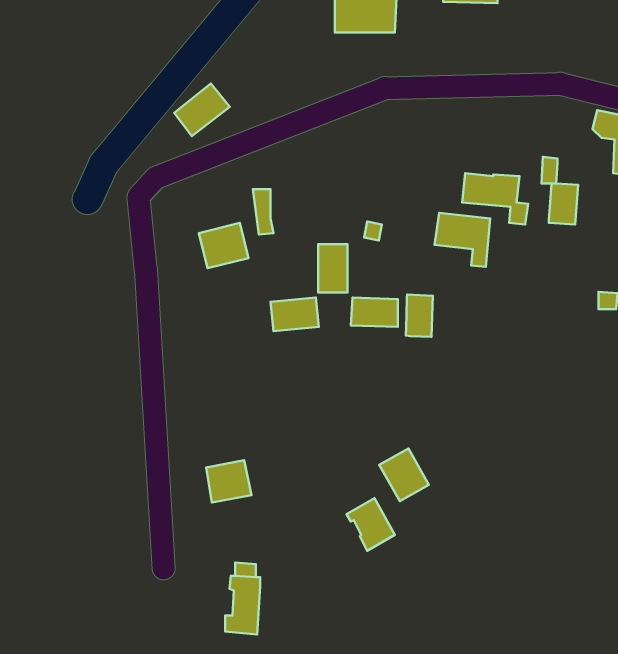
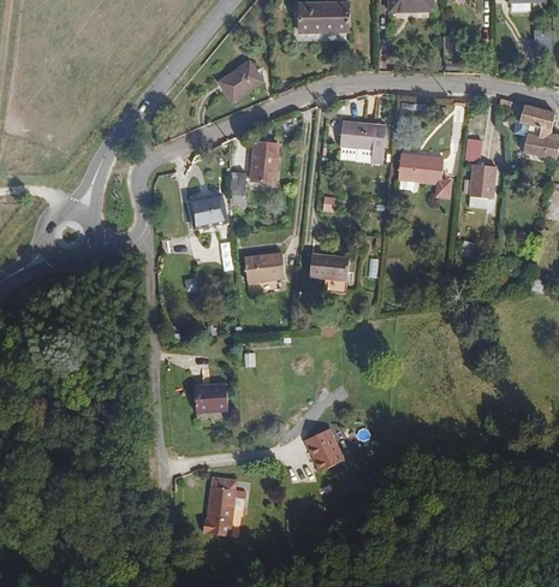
building: [174,83,230,136] -> [214,57,260,100]
building: [435,213,490,267] -> [338,121,383,166]
building: [318,244,348,293] -> [254,144,278,184]
building: [406,295,433,337] -> none
building: [379,448,429,501] -> none

